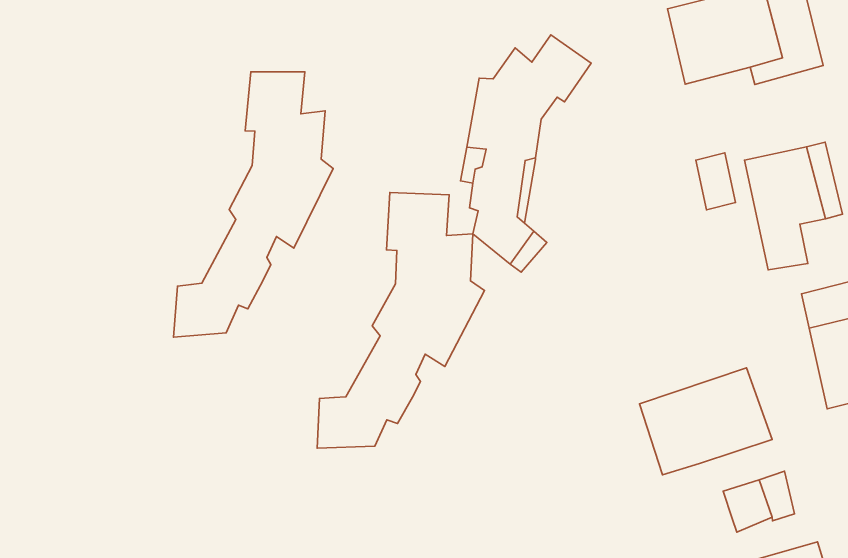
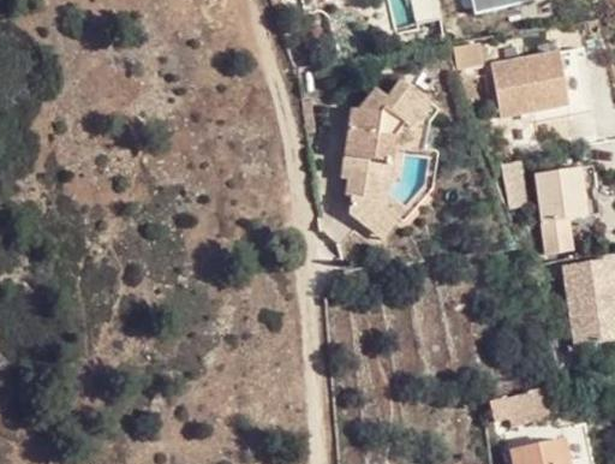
building: [173,72,333,337] -> none
building: [317,192,484,448] -> none
building: [639,368,772,475] -> none

